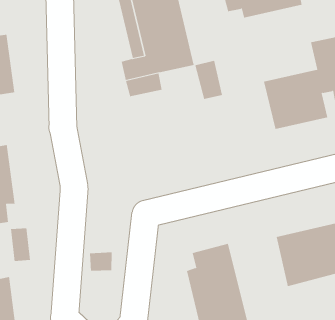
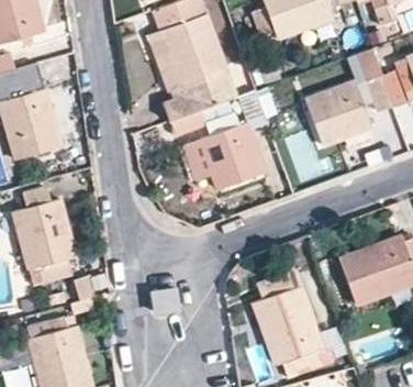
building: none -> [182,122,260,188]

